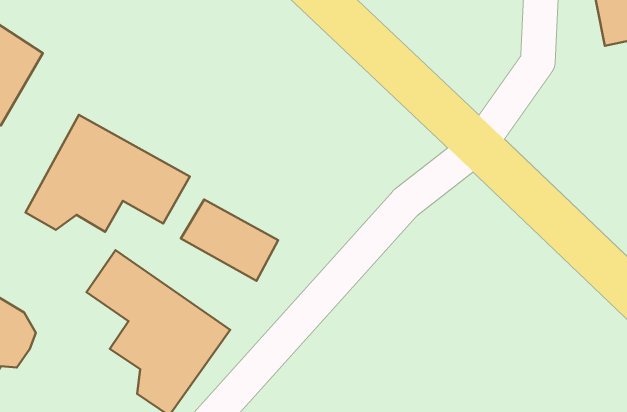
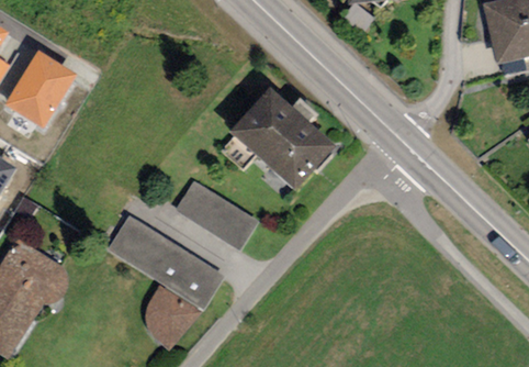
building: none -> [225,85,335,191]
building: [26,115,190,232] -> none

